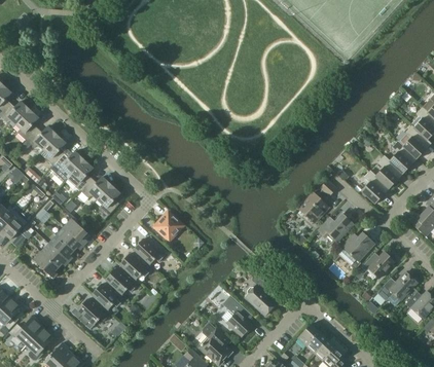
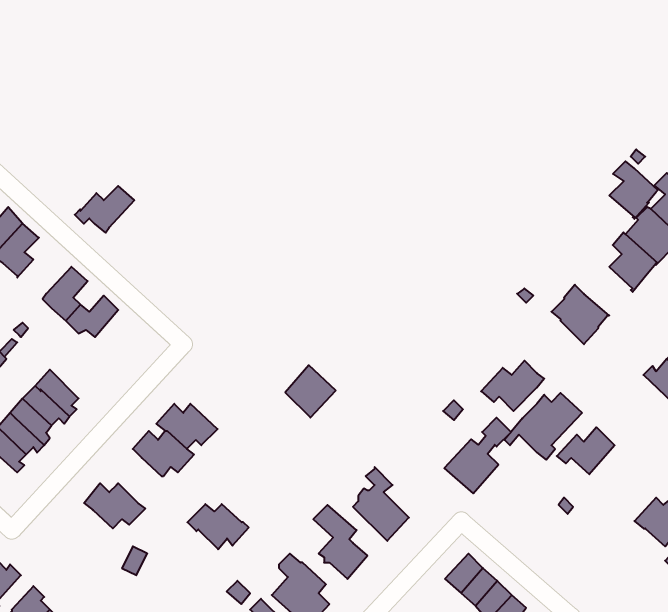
building: [50,151,84,178] -> [75,186,134,233]
building: [376,155,404,188] -> [609,161,658,219]
building: [298,180,336,223] -> [444,418,511,493]
building: [98,184,120,218] -> none
building: [154,211,183,241] -> [285,365,336,418]
building: [105,268,140,294] -> [187,504,249,549]
building: [376,271,417,306] -> none
building: [77,298,112,329] -> none

